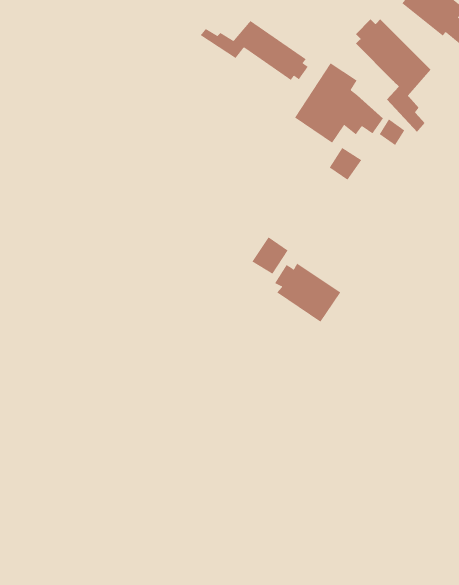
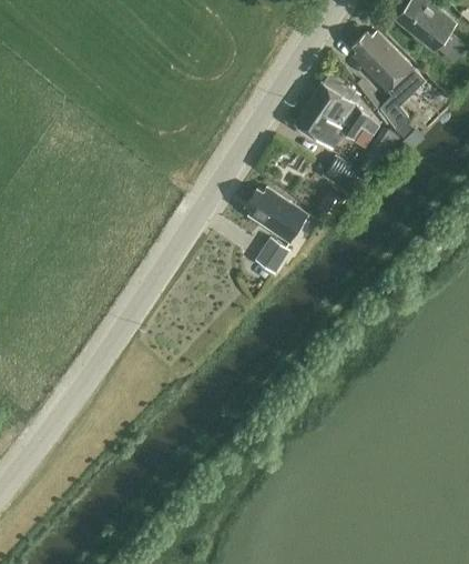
building: [200,20,309,81] -> none
building: [274,263,341,322] -> [246,188,308,243]

